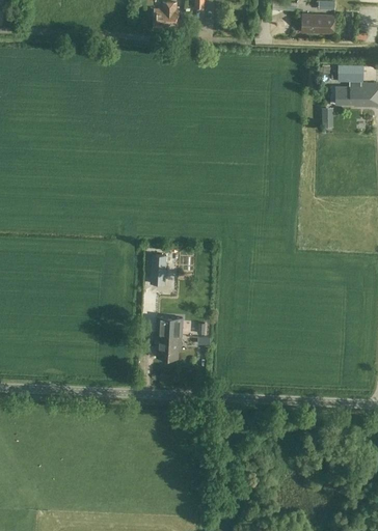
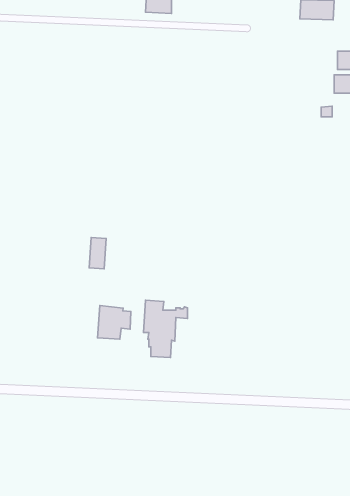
building: [151,255,167,285] -> [89,238,106,269]
building: none -> [98,306,131,339]

